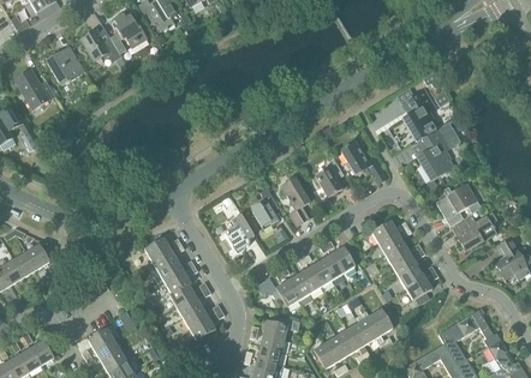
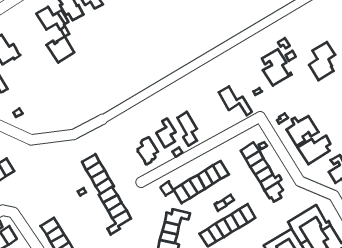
building: [46,47,85,84] -> [46,36,74,63]
building: [418,124,455,178] -> [309,42,335,80]
building: [315,157,344,196] -> none

